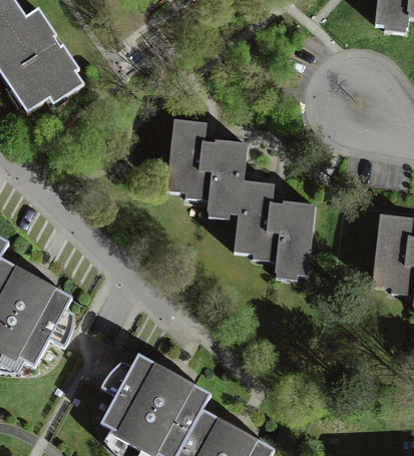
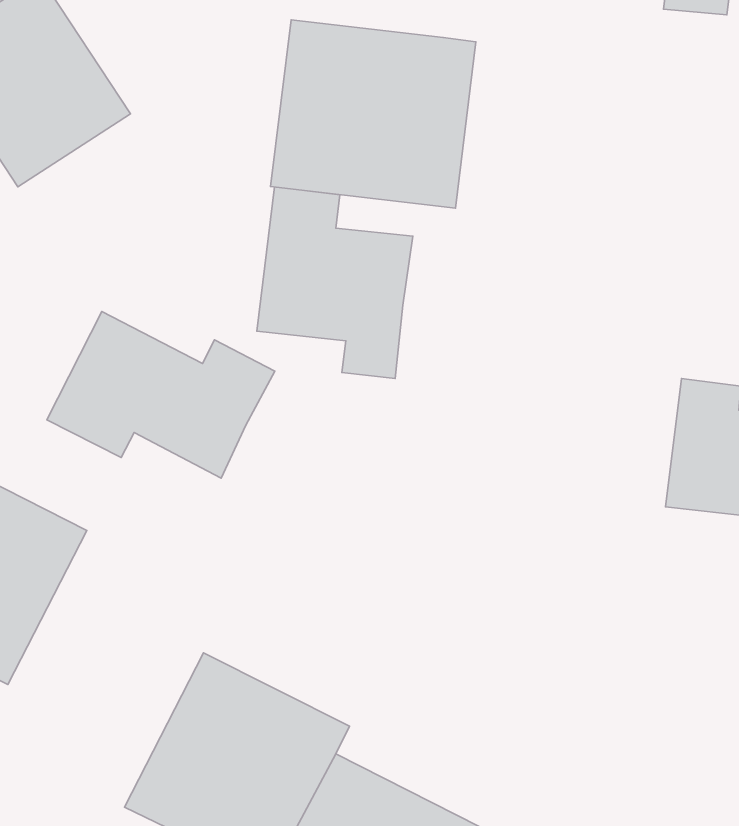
building: none -> [271,20,476,208]
building: [228,178,312,281] -> none
building: none -> [47,312,275,478]

